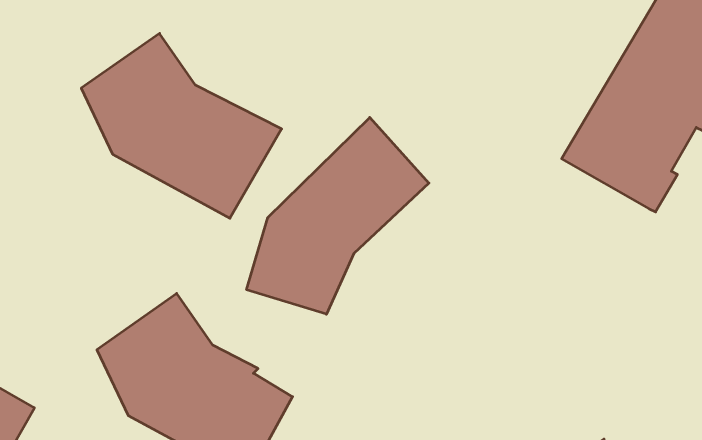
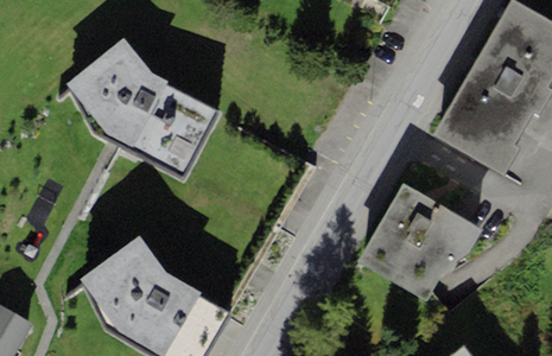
building: [247,117,429,314] -> none
building: none -> [357,183,482,299]

